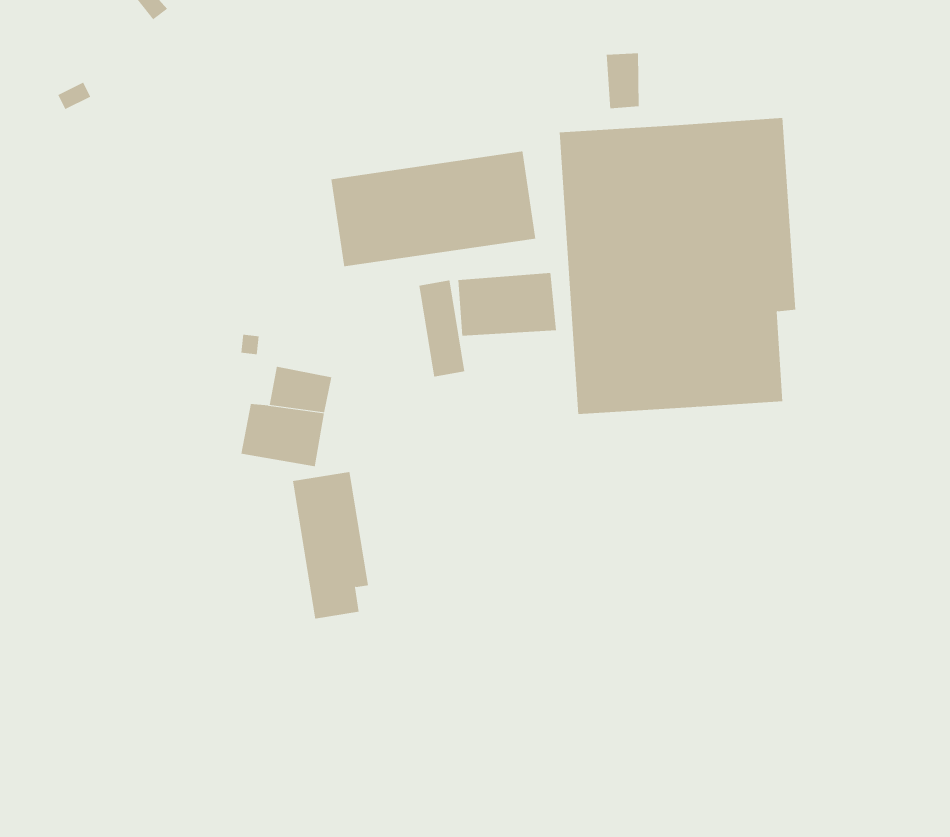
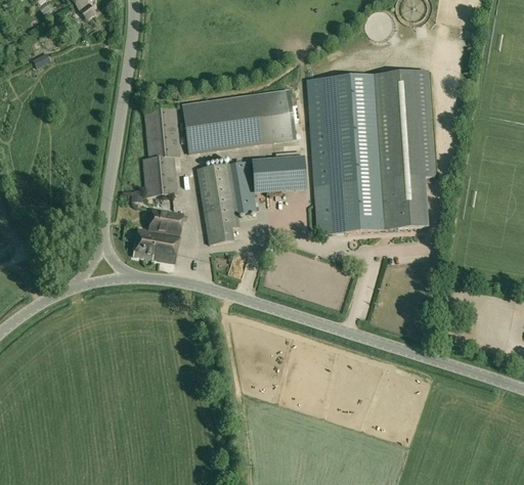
building: [606,52,639,109] -> none
building: none -> [143,105,179,195]
building: [292,471,369,619] -> [196,163,238,244]

